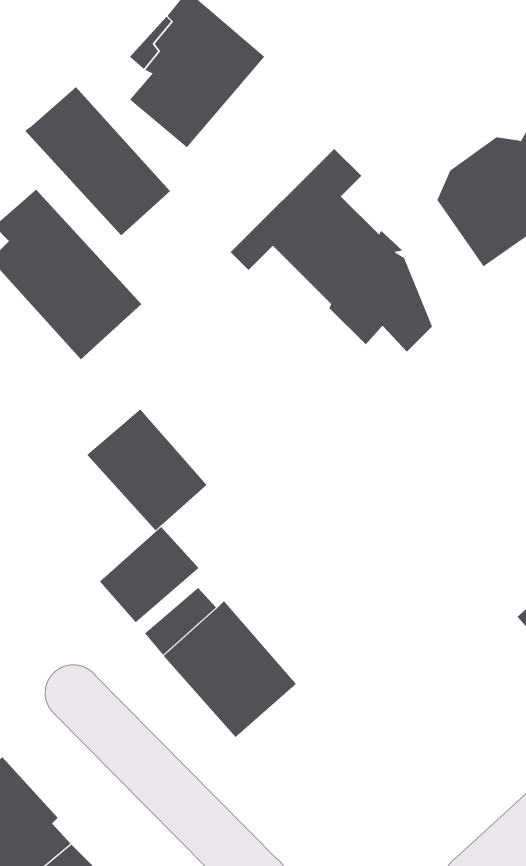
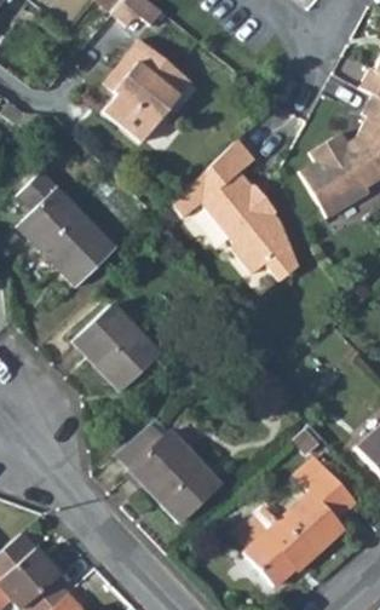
building: [24,86,171,236] -> none
building: [99,526,199,623] -> none
building: none -> [232,455,356,588]

